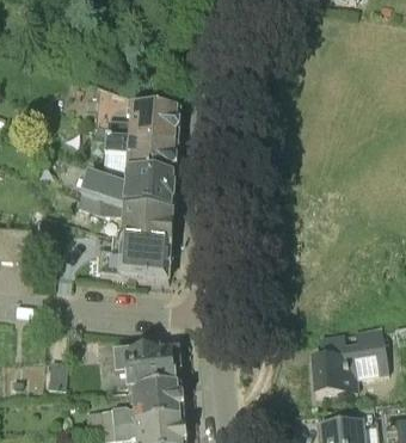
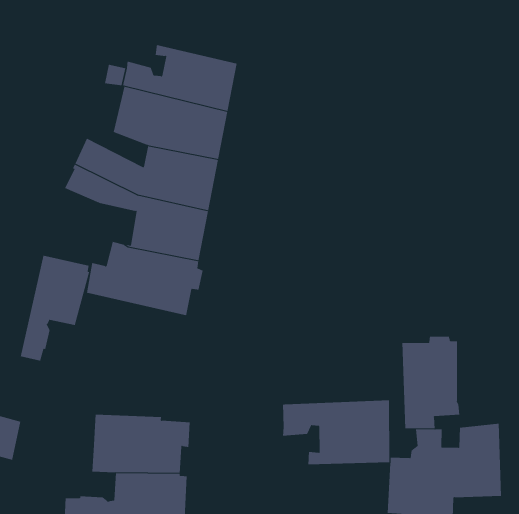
building: none -> [20,255,90,362]
building: none -> [402,336,460,429]
building: none -> [283,400,390,465]

